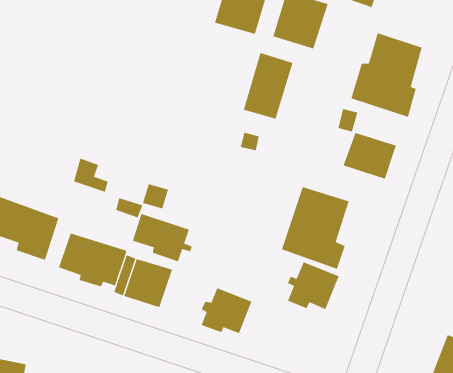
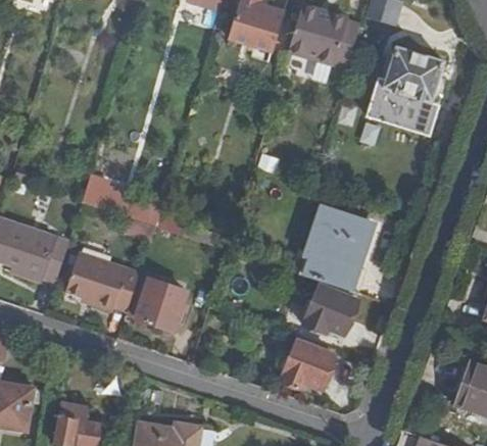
building: [243,52,293,120] -> none
building: [343,132,396,179] -> none
building: [132,213,192,262] -> none
building: [201,288,252,334] -> [282,342,335,390]

